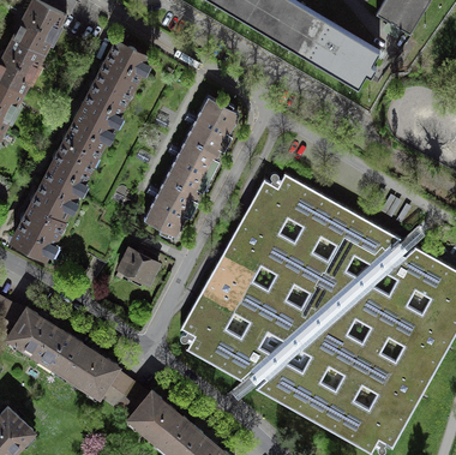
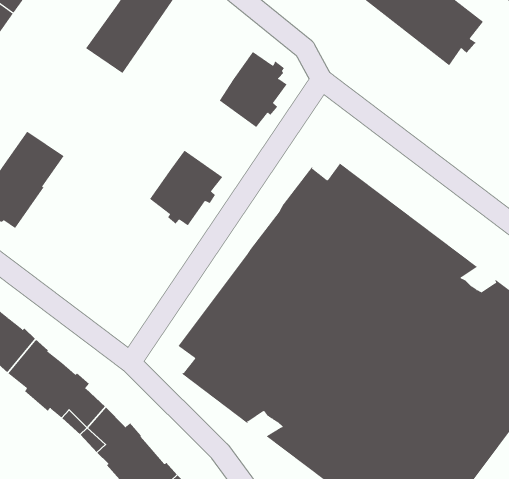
building: [43,112,110,196] -> none
building: [164,138,217,196] -> none
building: [118,247,157,287] -> none

